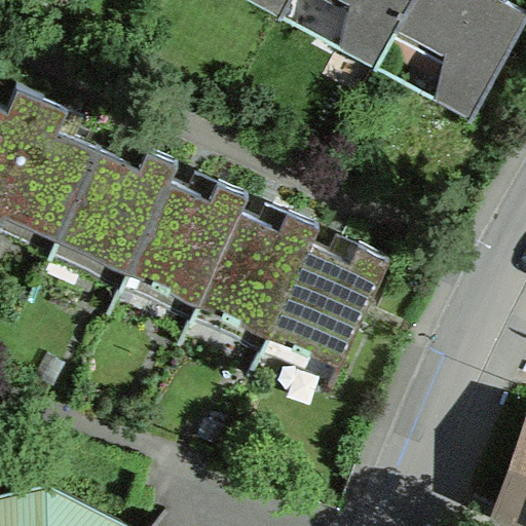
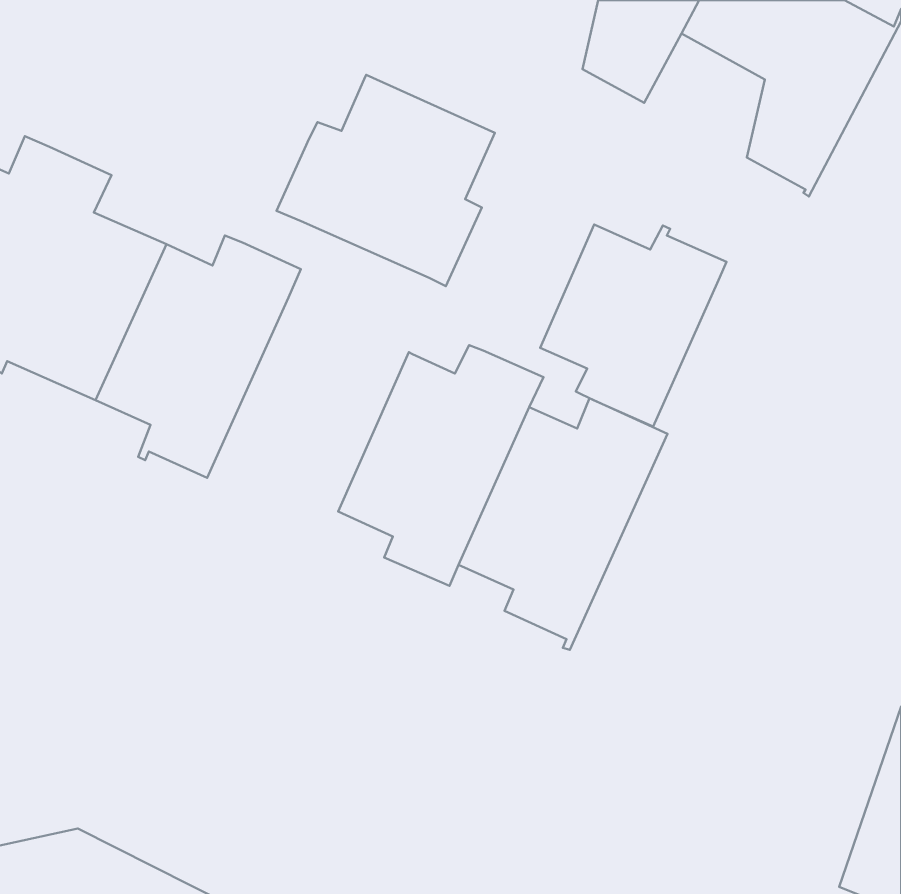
building: none -> [276,75,495,286]
building: none -> [540,225,727,426]
building: [125,175,245,315] -> none

